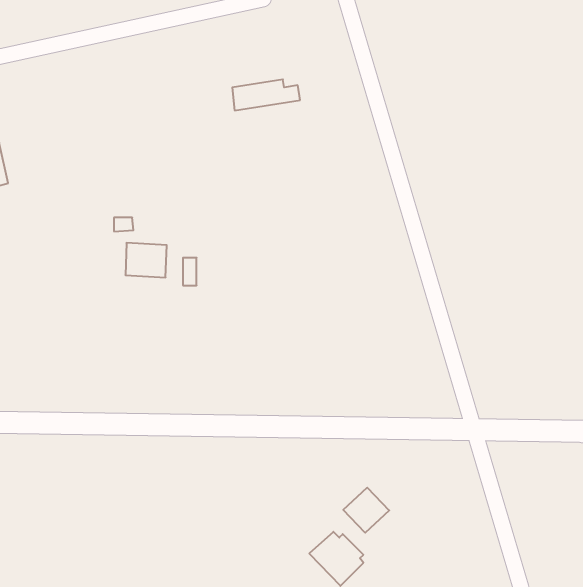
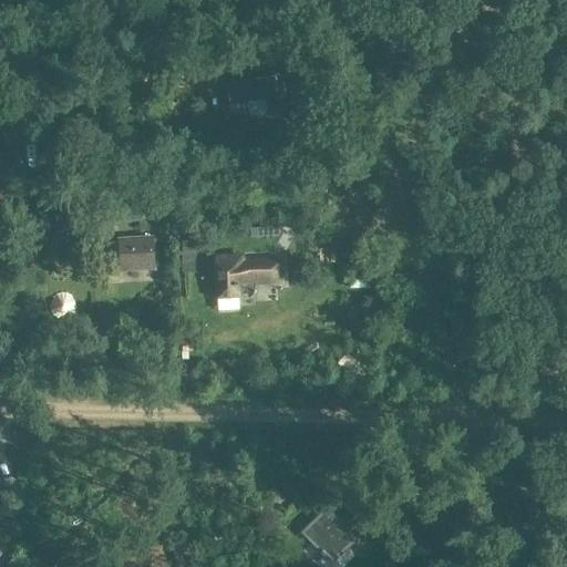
building: none -> [214,259,279,298]
building: [343,488,389,533] -> none

